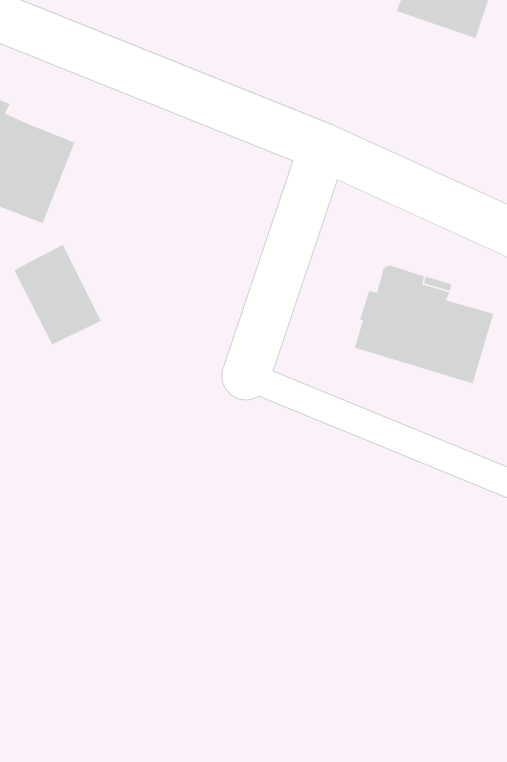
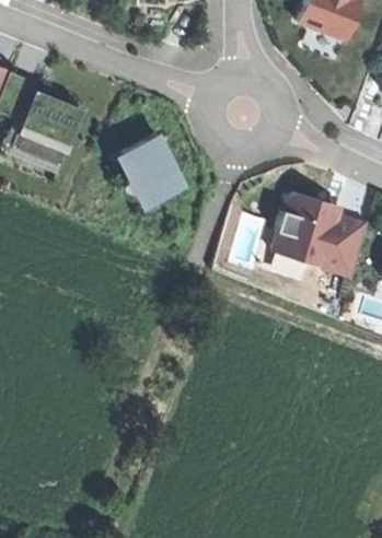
building: [13,244,102,345] -> [121,134,182,203]

